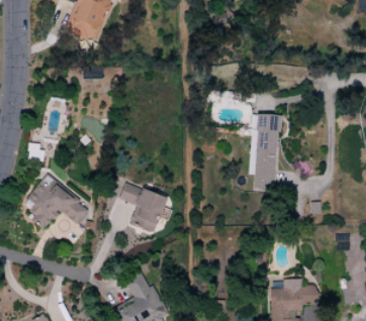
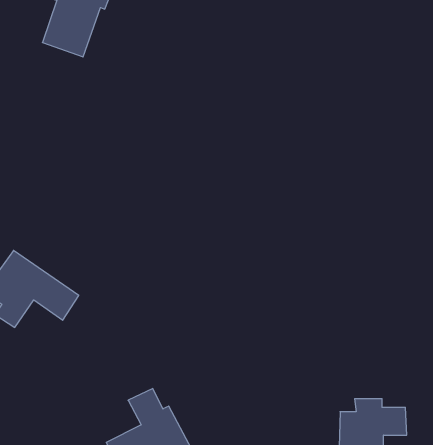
building: [250,113,280,189] -> none
building: [120,181,168,232] -> none

